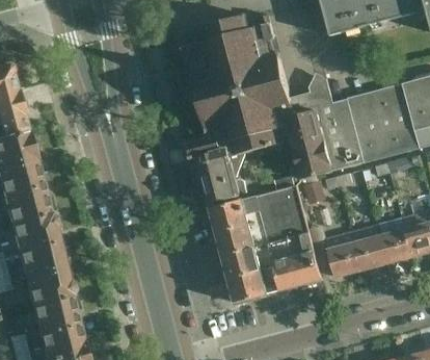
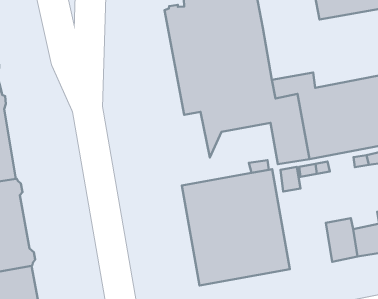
building: [187,133,246,203] -> none
building: [326,231,362,275] -> none

